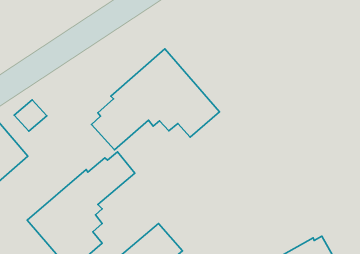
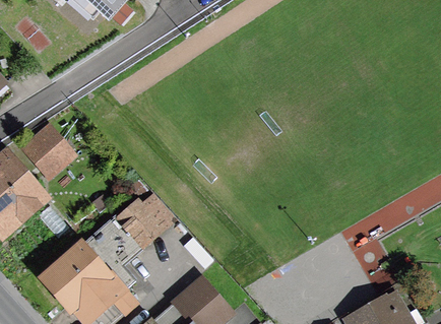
building: [91,49,219,150] -> none

